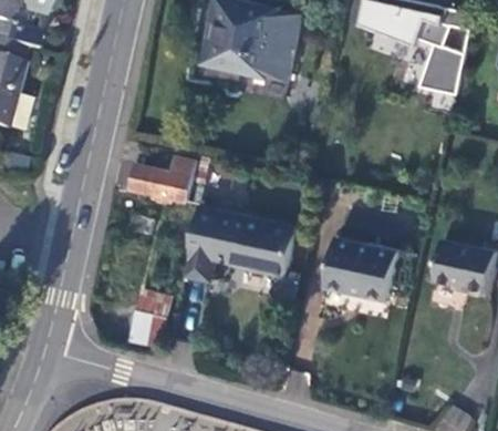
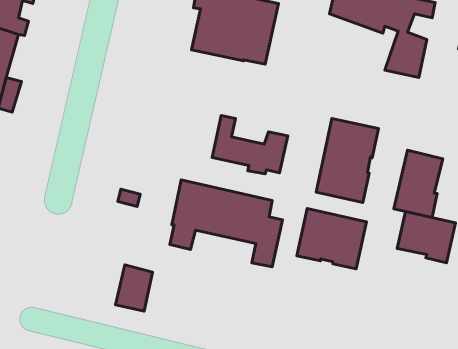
building: [112,140,194,203] -> [212,115,288,174]
building: none -> [316,118,379,202]
building: none -> [394,150,443,218]

